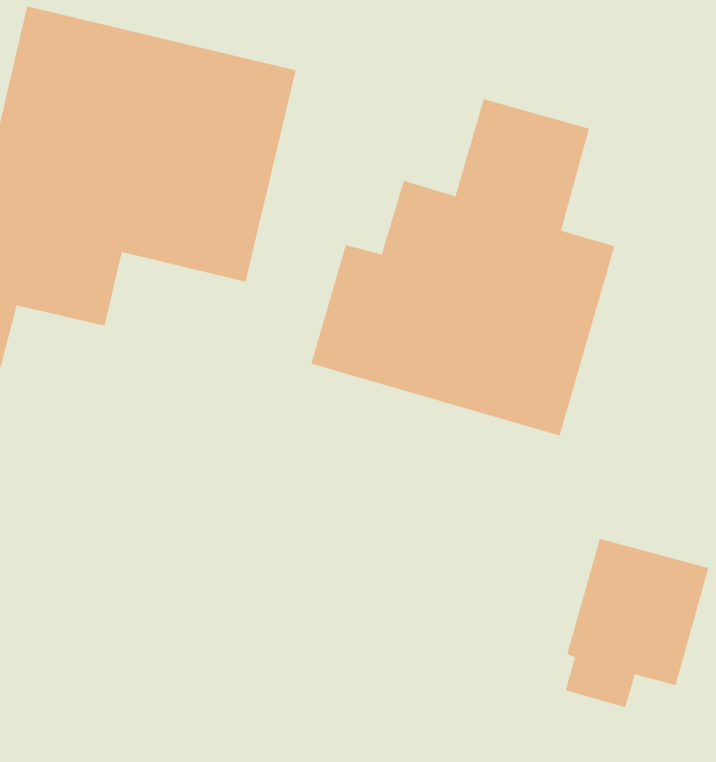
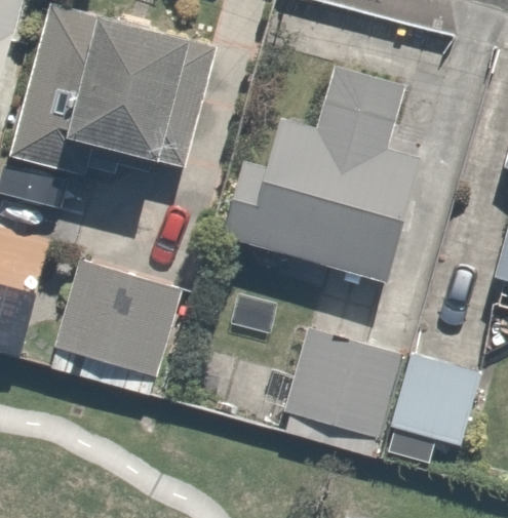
building: none -> [45,258,174,386]
building: none -> [286,328,404,437]

